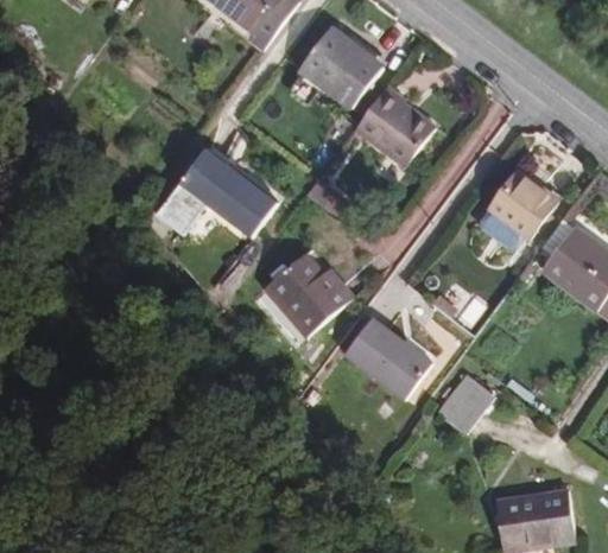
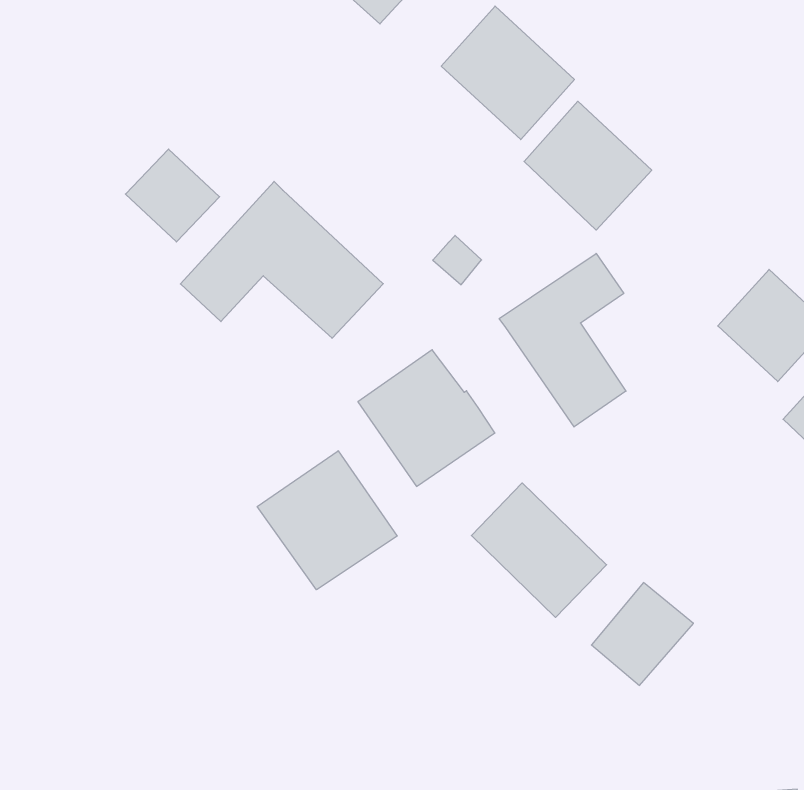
building: none -> [125,149,220,242]
building: none -> [499,253,626,427]
building: none -> [257,451,397,590]

